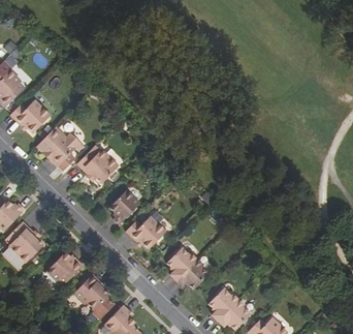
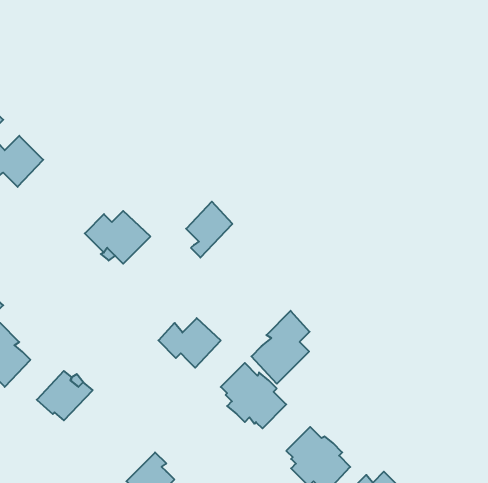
building: [37,127,81,172] -> none
building: [109,189,139,225] -> [186,202,232,258]
building: none -> [251,311,310,384]
building: [73,274,115,318] -> none

